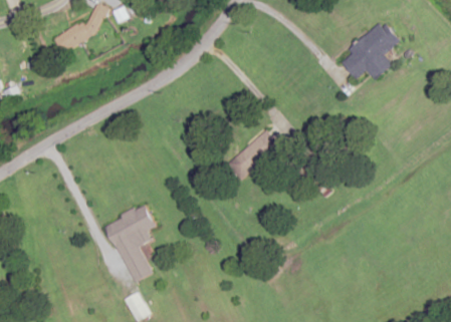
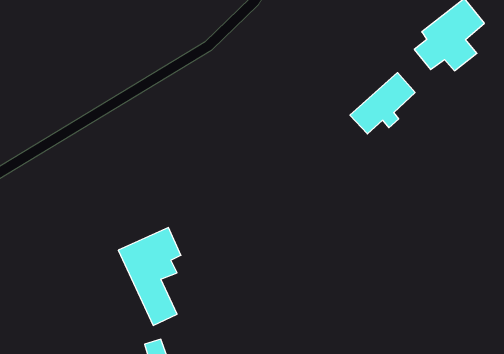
building: [227,130,279,180] -> [350,73,415,134]

